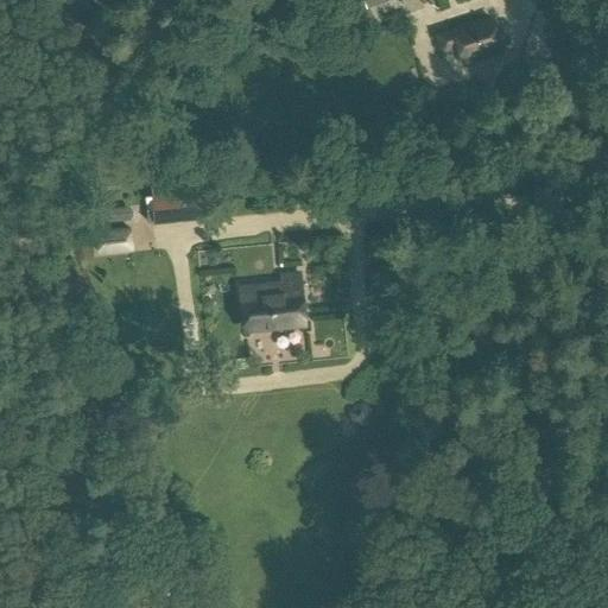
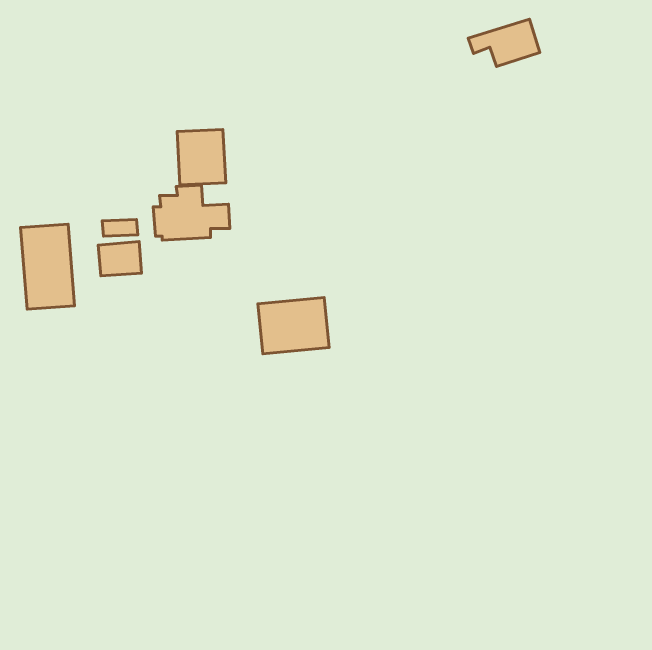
building: none -> [177,129,226,185]
building: none -> [20,224,75,309]

